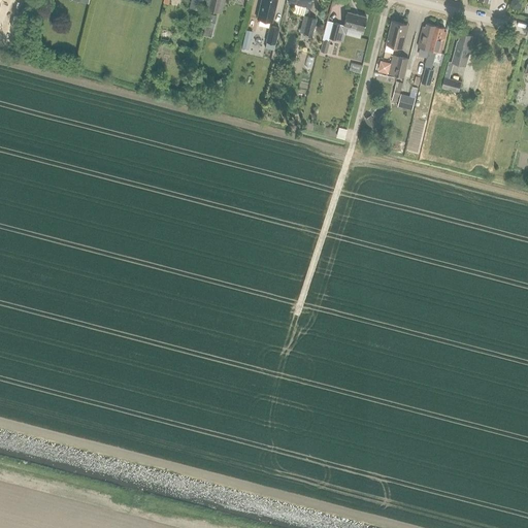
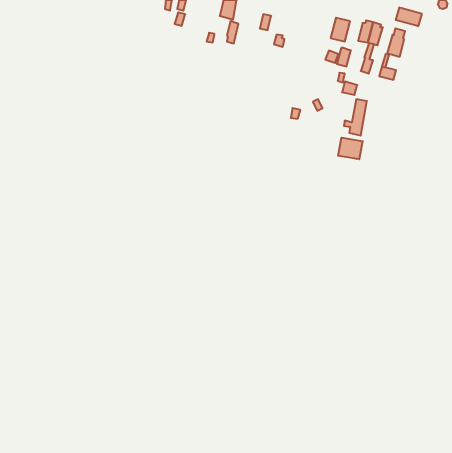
building: none -> [396,7,422,26]
building: [328,12,365,41] -> none
building: none -> [338,138,363,159]

